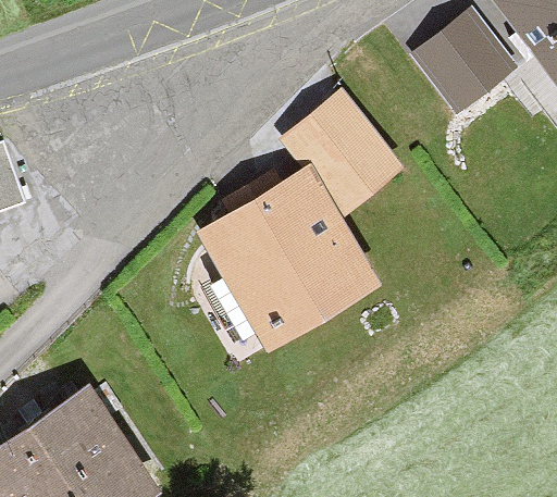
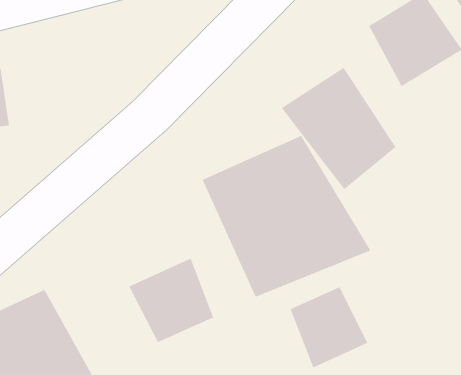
building: none -> [128,258,214,343]
building: none -> [289,286,369,369]

